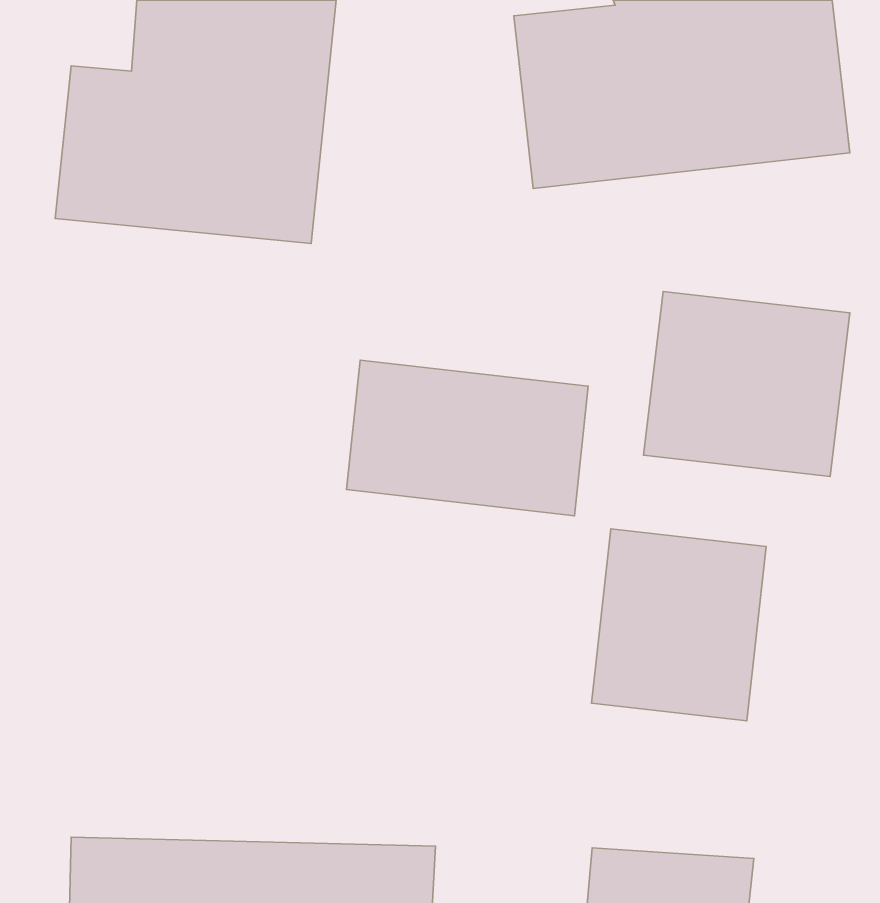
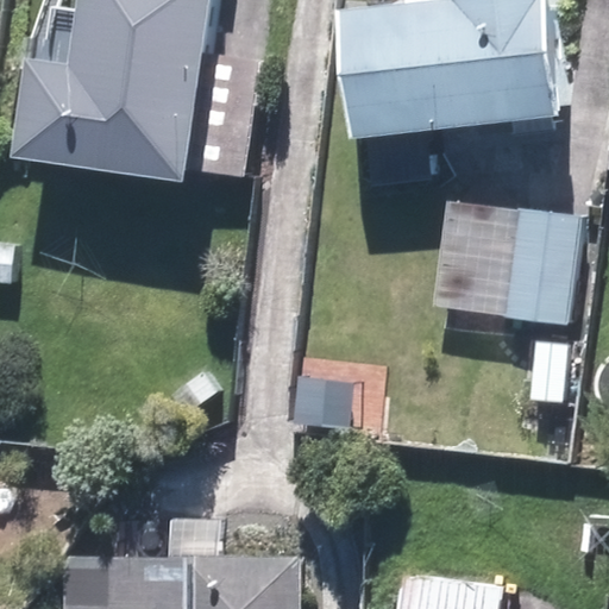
building: [346,360,588,516] -> none
building: [592,529,766,721] -> none

